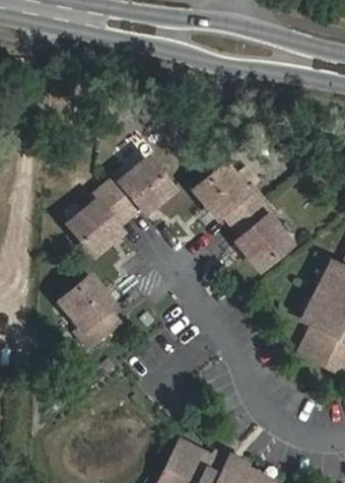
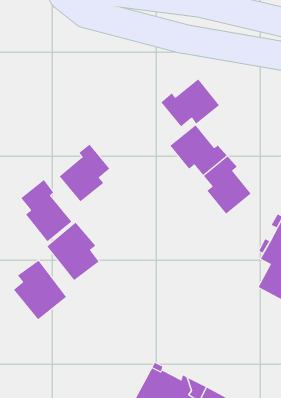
building: [106,158,174,214] -> [161,79,220,127]
building: none -> [21,179,72,242]
building: none -> [13,260,67,320]

